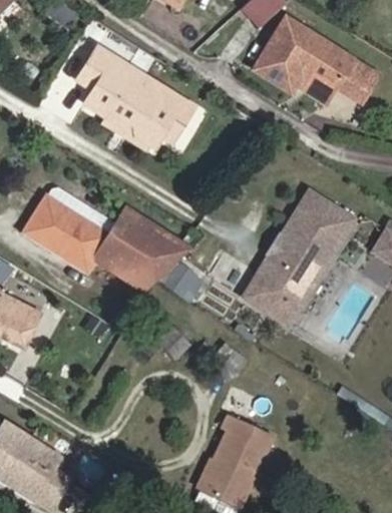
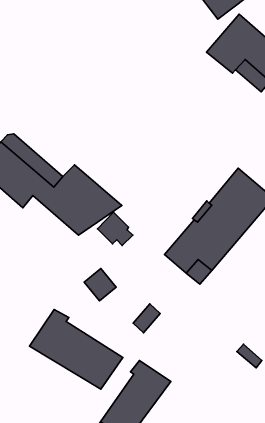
building: [76,46,182,145] -> none
building: none -> [30,309,123,389]

